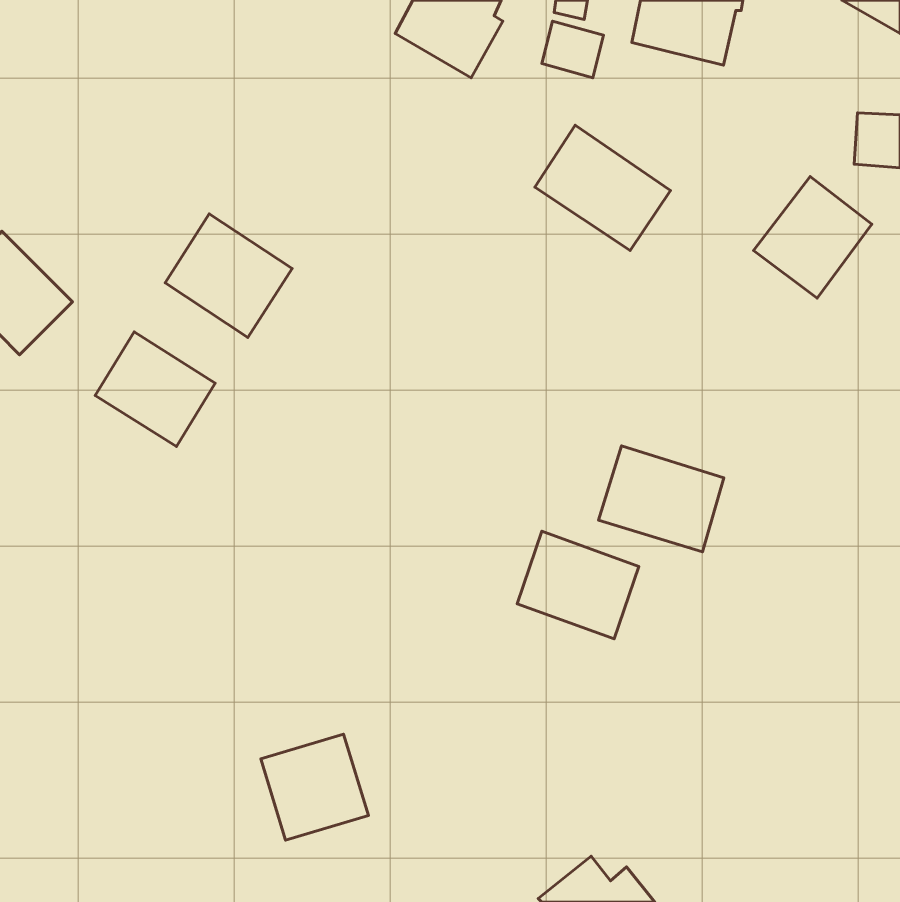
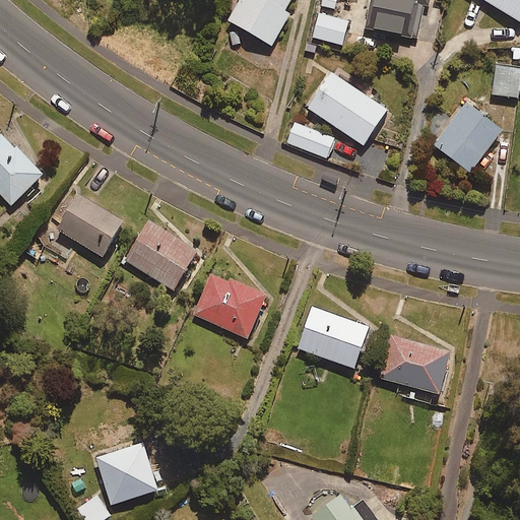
building: none -> [286,123,333,158]
building: [165,214,292,337] -> [124,218,197,289]
building: [598,446,724,552] -> [378,333,450,394]
building: none -> [192,270,266,339]
building: [261,734,368,840] -> [95,443,157,504]

